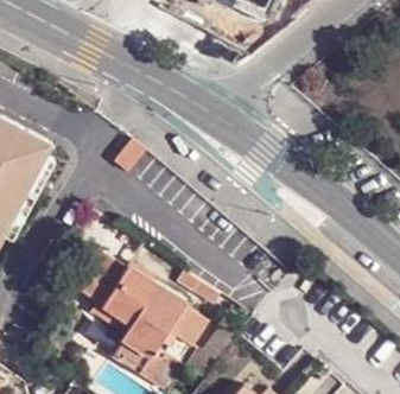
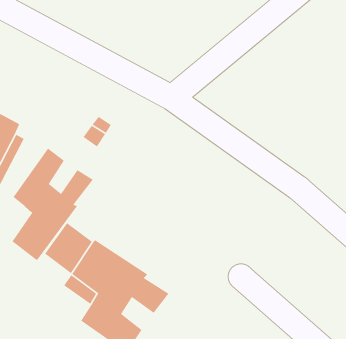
building: none -> [12,147,94,261]

